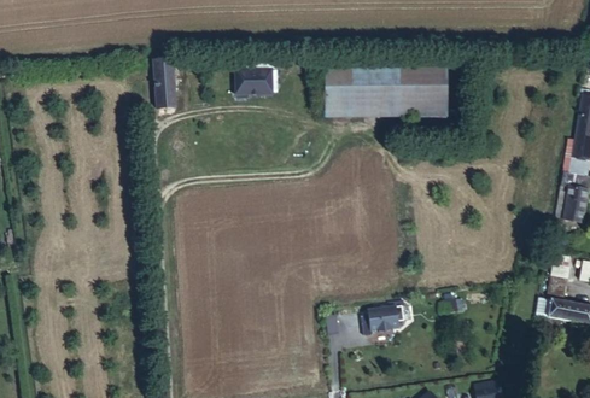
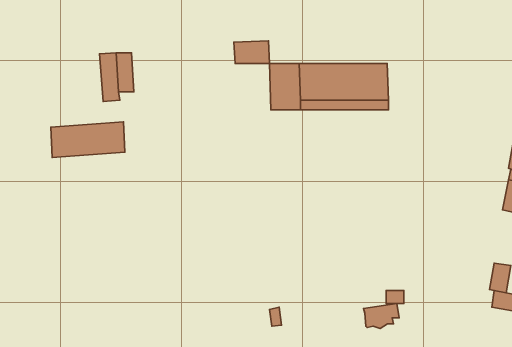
building: [236,69,273,92] -> [234,41,270,63]
building: none -> [51,122,125,158]
building: [367,306,403,332] -> [364,304,399,329]

